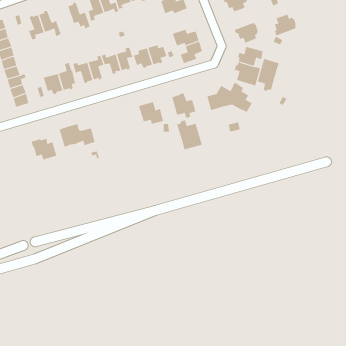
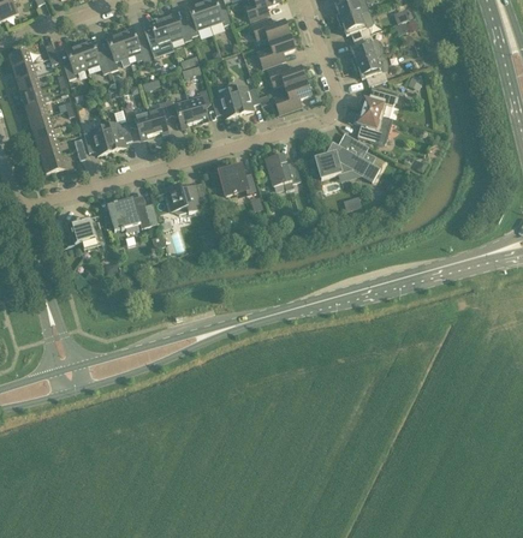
building: none -> [105,30,130,70]
building: none -> [256,34,295,68]
building: [274,14,296,36] -> [351,32,382,64]
building: [257,58,279,91] -> none
building: none -> [165,183,202,213]
building: [177,120,202,150] -> none

